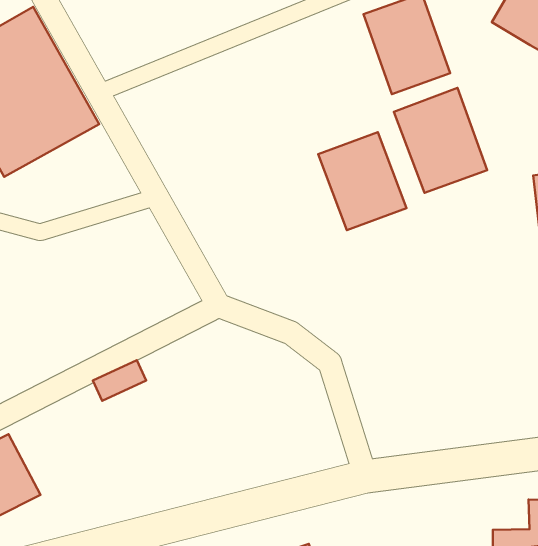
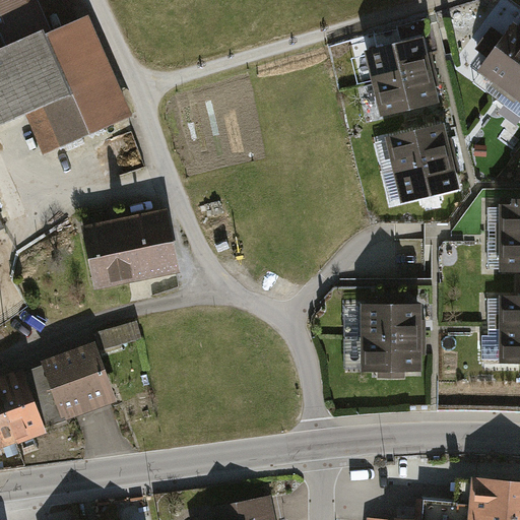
building: [318,132,406,230] -> none
building: none -> [85,215,177,287]
building: none -> [366,306,419,378]
building: none -> [44,343,118,419]

